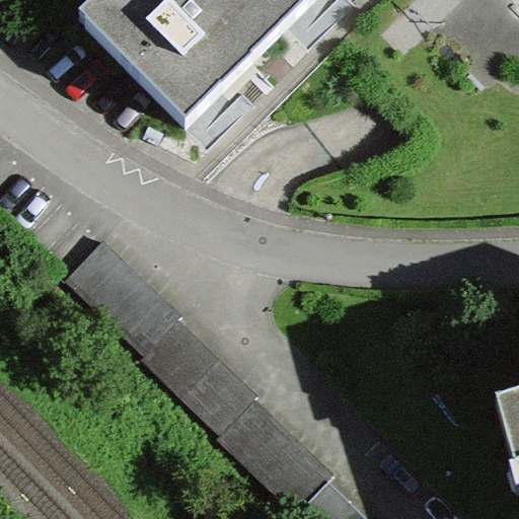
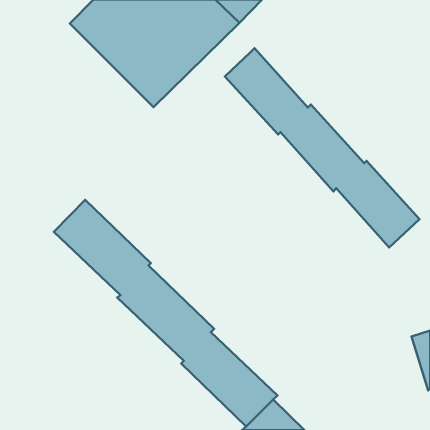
building: none -> [225,48,420,248]

